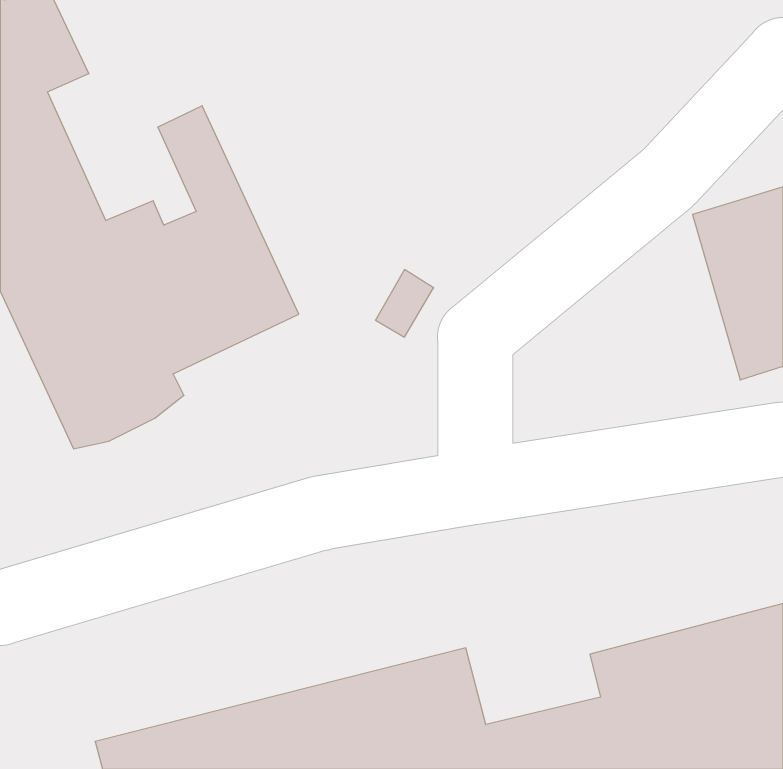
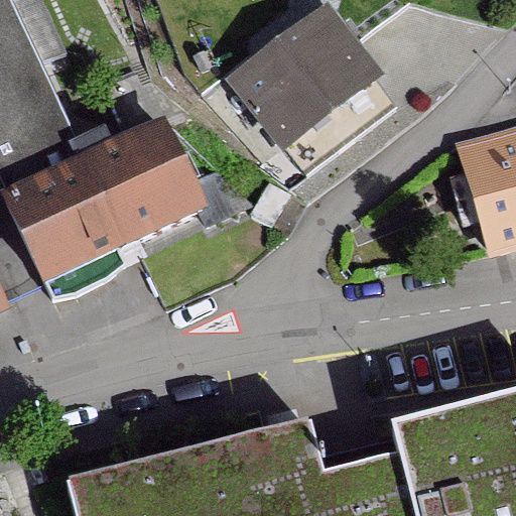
building: none -> [233,13,368,141]

